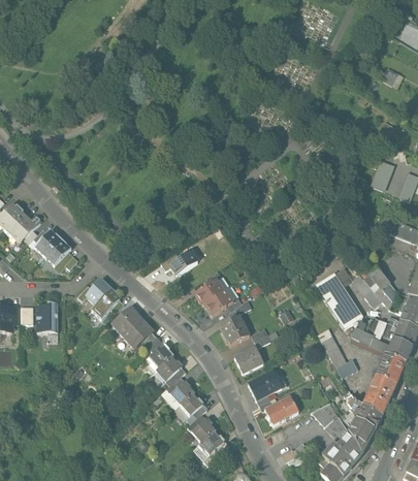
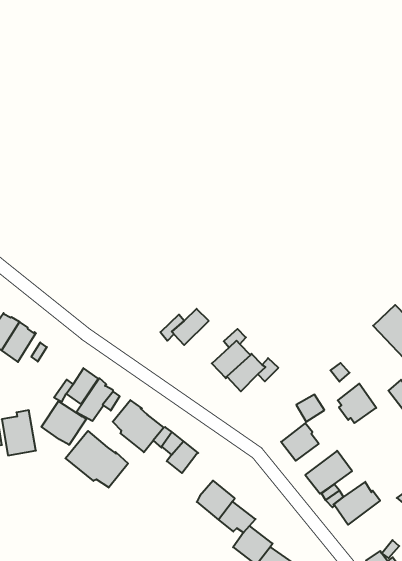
building: none -> [41,401,86,445]
building: [221,316,248,344] -> [338,384,376,423]
building: none -> [65,431,128,488]
building: [156,356,186,386] -> none

